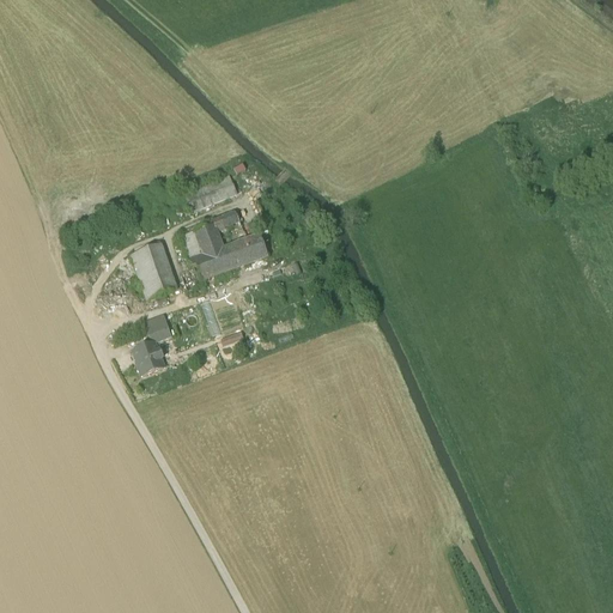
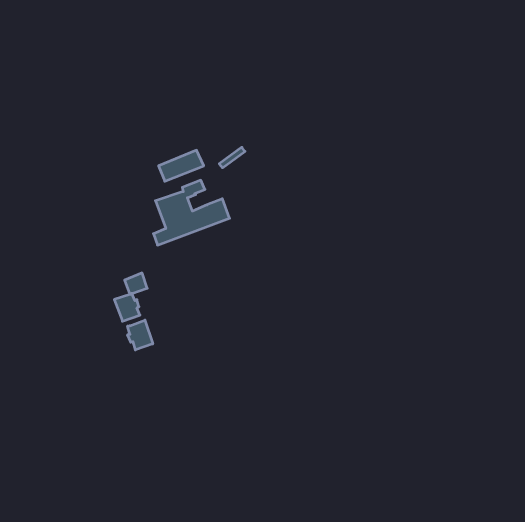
building: [131,243,176,298] -> none
building: none -> [128,320,153,350]

